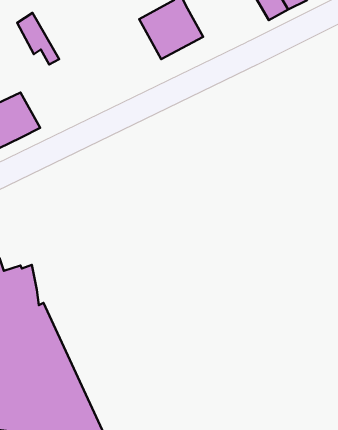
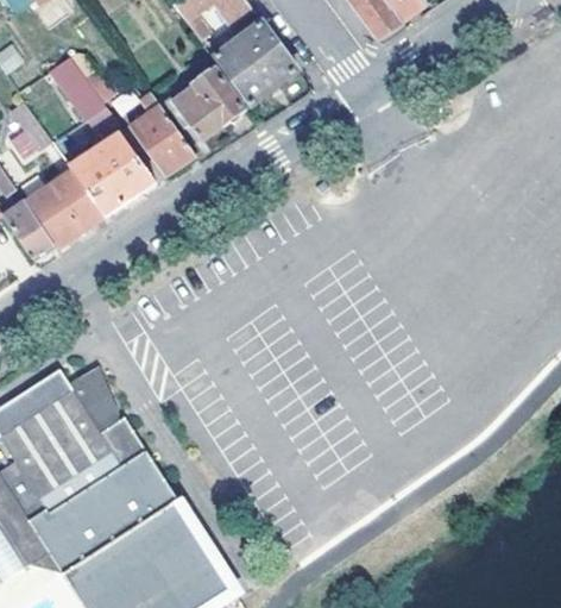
building: none -> [165,68,242,138]
building: none -> [127,87,194,174]
building: none -> [70,131,153,212]

